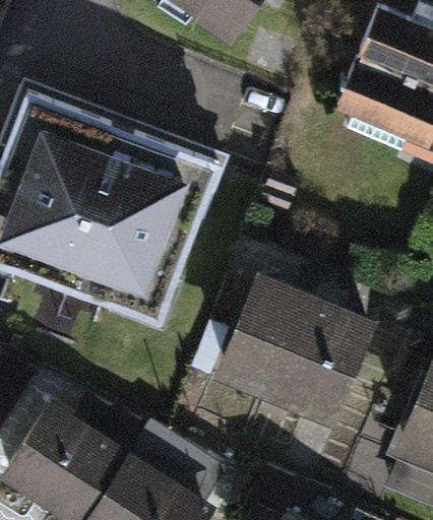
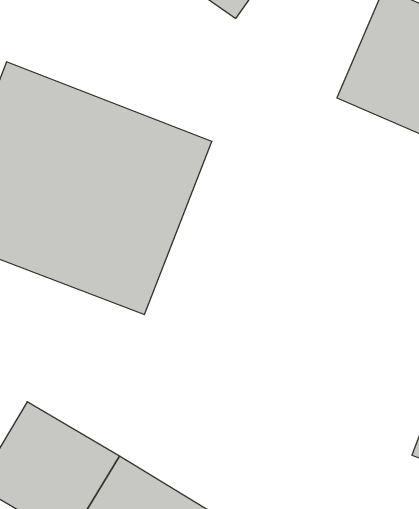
building: [222,269,386,422] -> none

